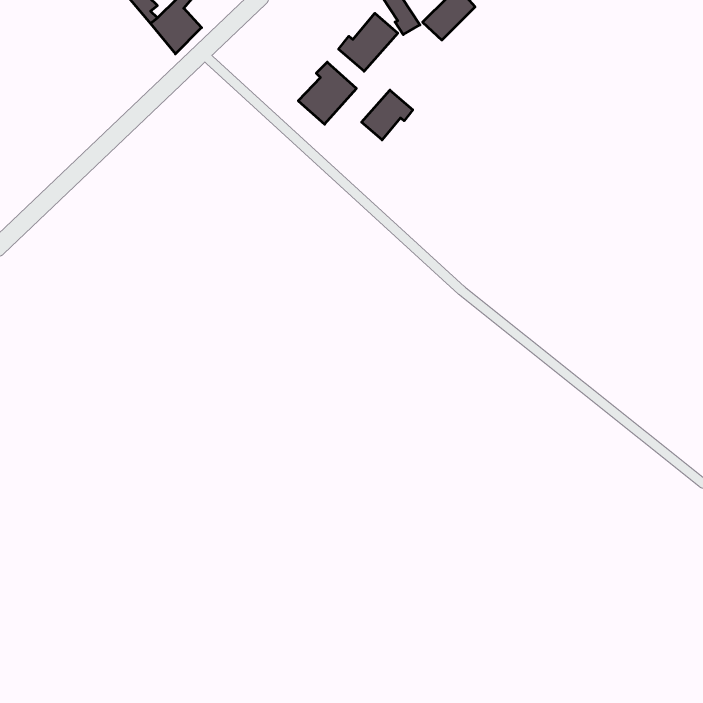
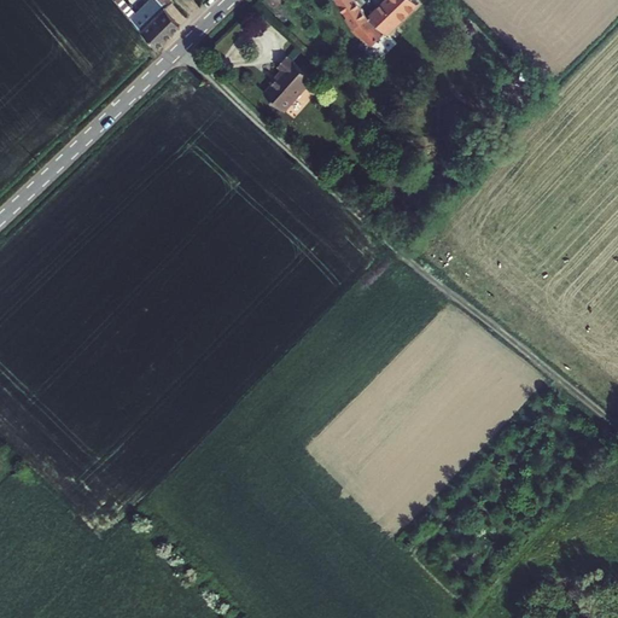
building: [339,13,398,71] -> none
building: [362,90,413,140] -> none

